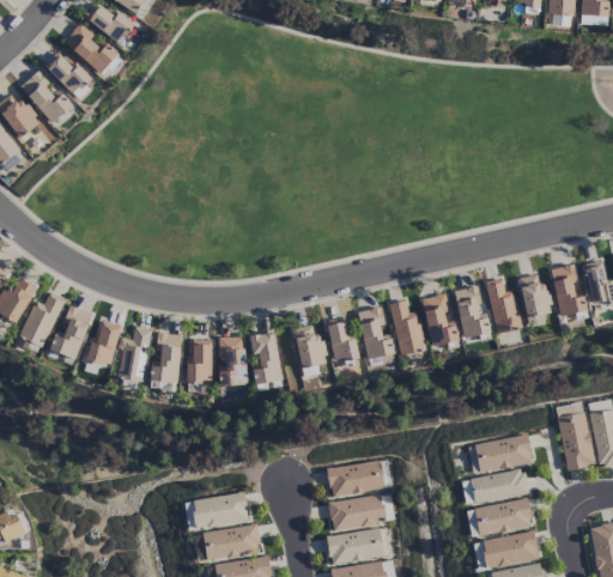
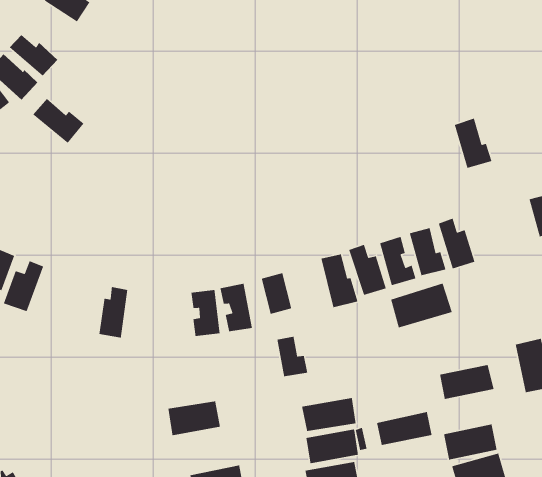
building: [63,25,119,75] -> [32,98,85,144]
building: [550,265,588,318] -> [454,118,492,169]
building: [518,275,552,318] -> none
building: [51,306,91,360] -> none
building: [327,318,358,362] -> [276,336,308,377]
building: [86,322,120,366] -> none
building: [150,333,182,383] -> none
building: [187,341,212,383] -> none
building: none -> [390,282,453,329]
building: [471,470,529,504] -> [376,411,432,446]
building: [193,494,248,529] -> [168,400,221,436]

